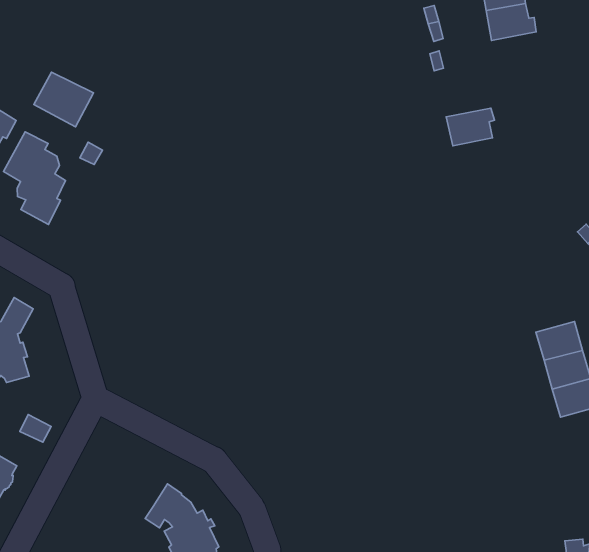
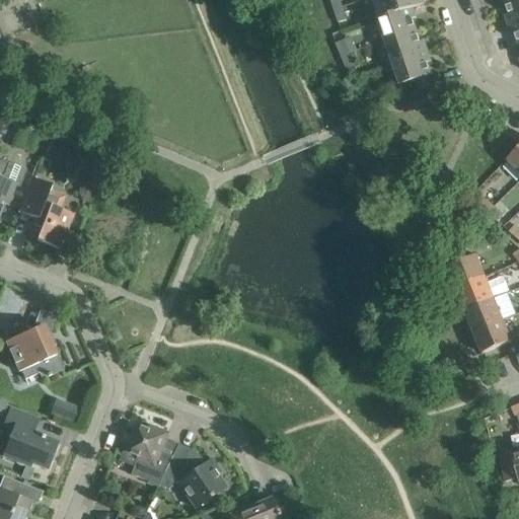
building: [34,72,94,127] -> none
building: [446,108,495,146] -> [392,50,431,83]
building: none -> [447,253,485,287]
building: none -> [124,424,169,485]

